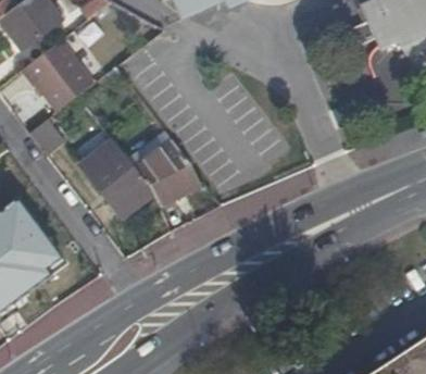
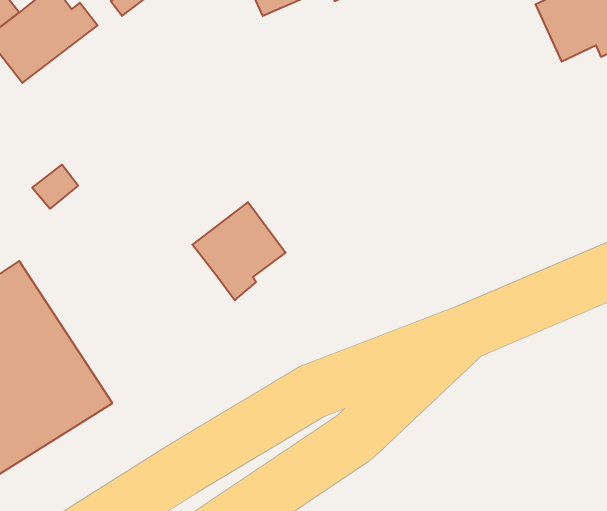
building: [18,36,91,107] -> none
building: [79,137,150,211] -> none

